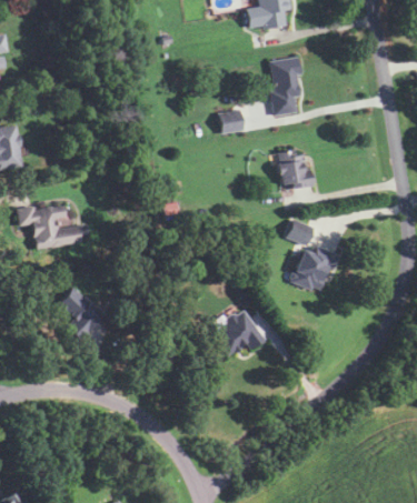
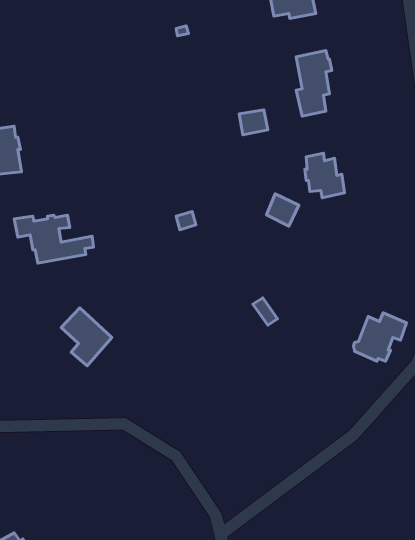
building: [285,218,314,247] -> [267,194,299,226]
building: [289,248,337,291] -> [353,313,407,361]
building: [214,311,265,356] -> none

